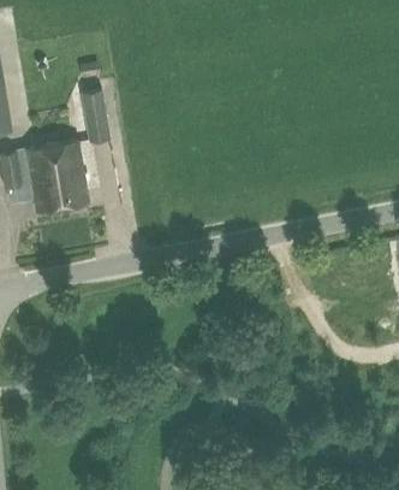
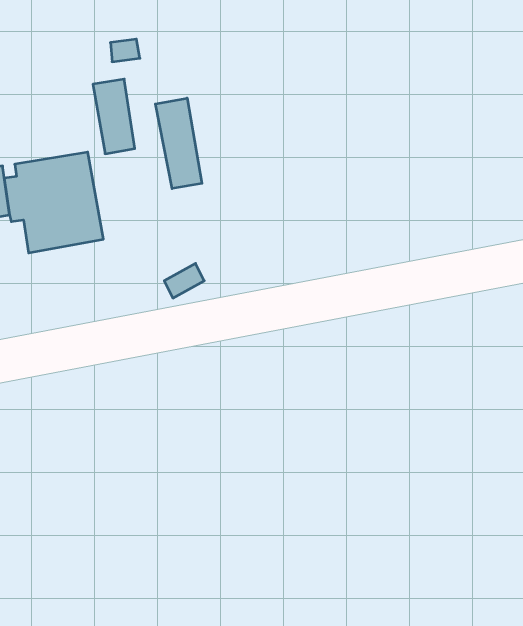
building: none -> [155,98,202,189]

